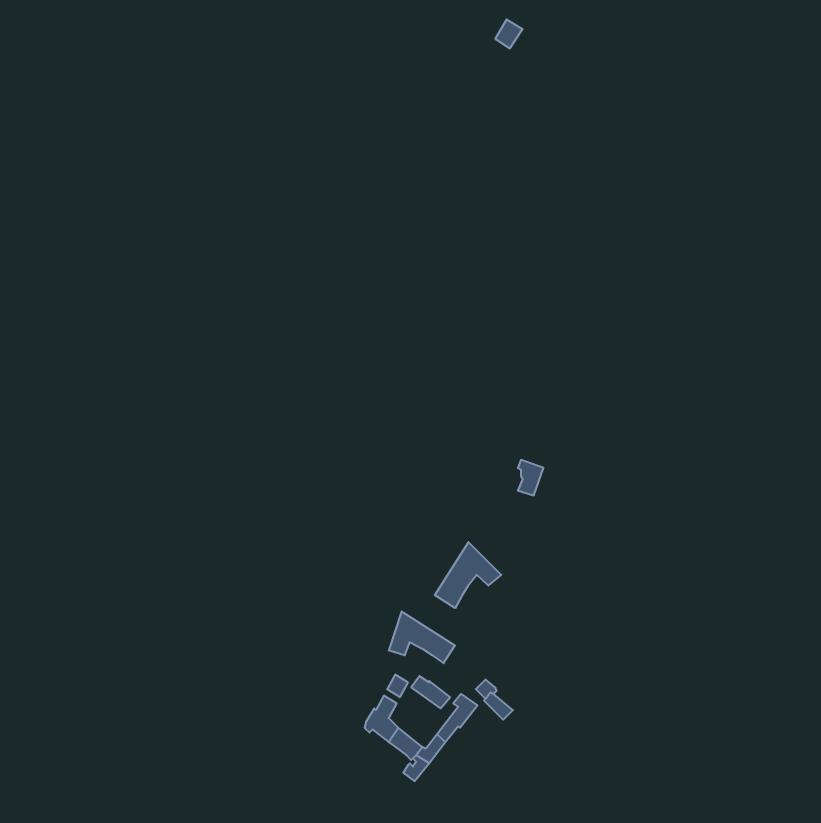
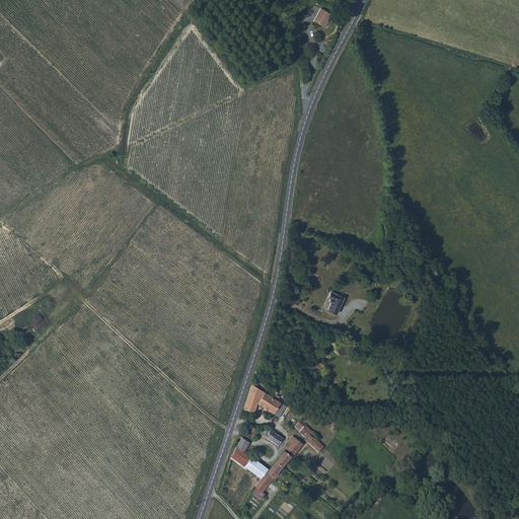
building: [435,542,501,608] -> none

